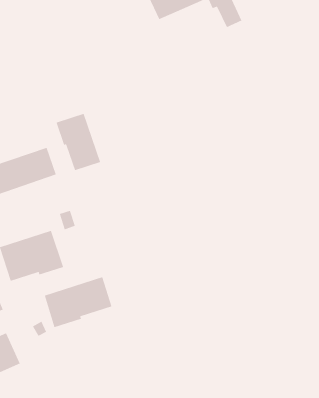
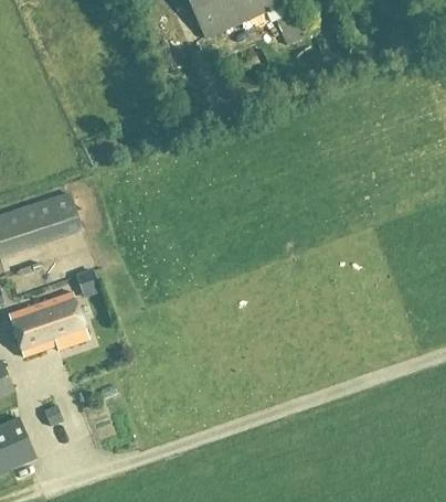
building: [55,113,101,171] -> none
building: [44,276,112,328] -> none

